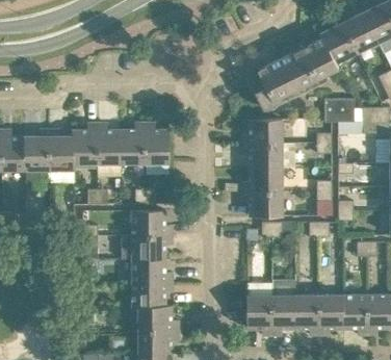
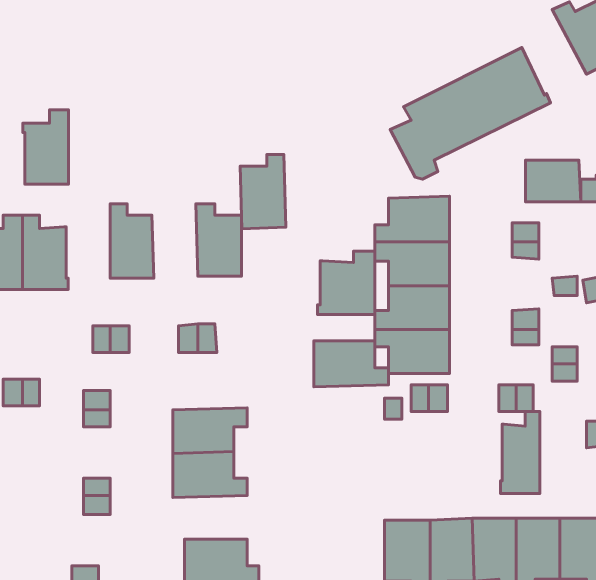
building: [319,17,357,63] -> none
building: [72,123,97,163] -> [23,110,69,184]
building: [120,123,145,163] -> [240,155,286,229]
building: none -> [318,251,375,315]
building: [131,210,172,235] -> [314,341,388,387]
building: none -> [501,412,540,494]
building: [131,282,172,307] -> none

